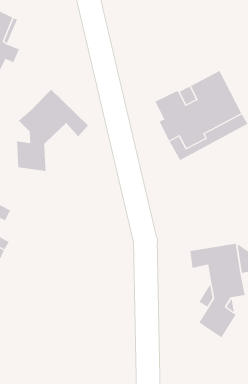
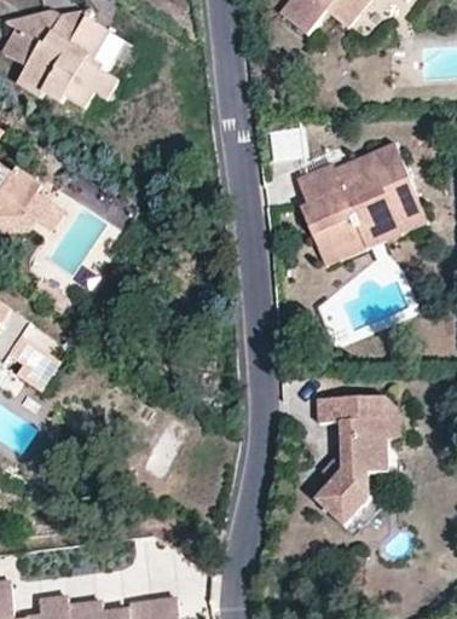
building: [16,89,89,172] -> none

